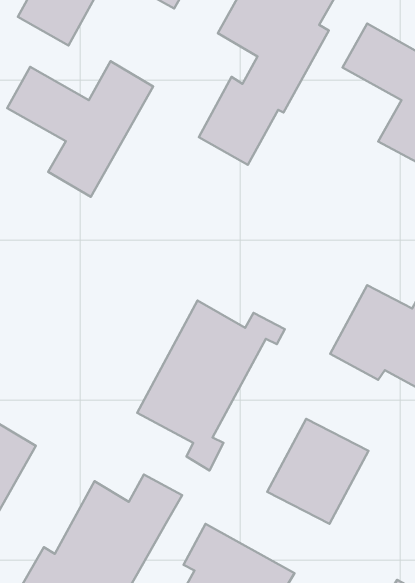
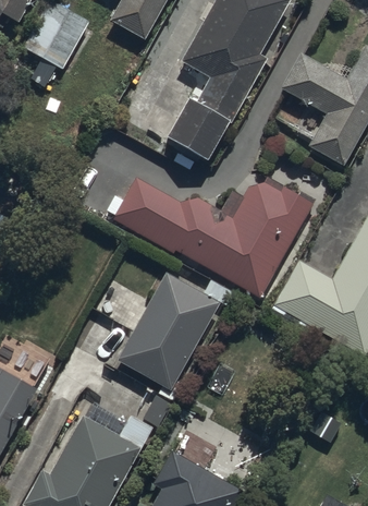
building: [7,61,153,197] -> none
building: none -> [112,177,312,296]
building: [267,419,369,524] -> none

